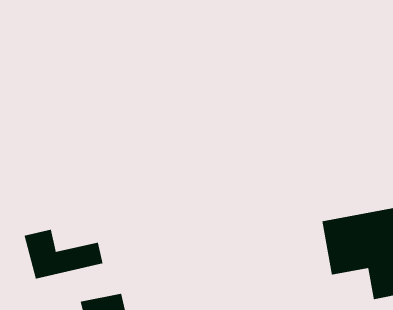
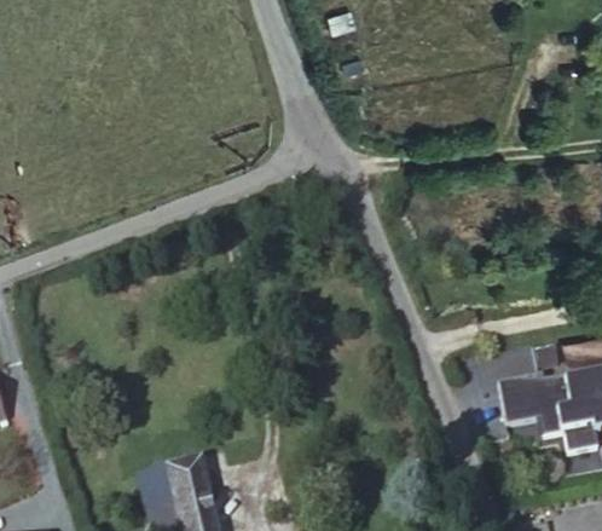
building: [24,229,103,279] -> none

